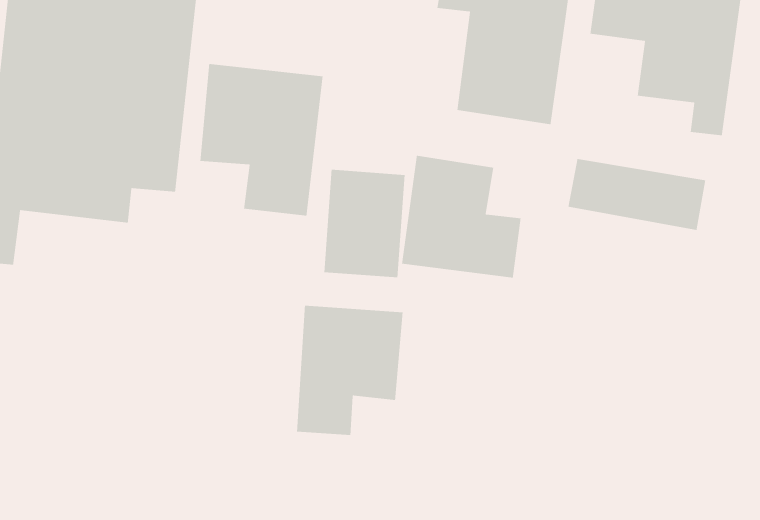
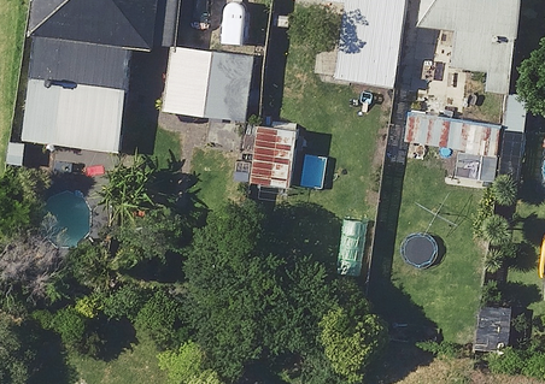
building: [401,155,522,279] -> none
building: [296,305,404,436] -> none

